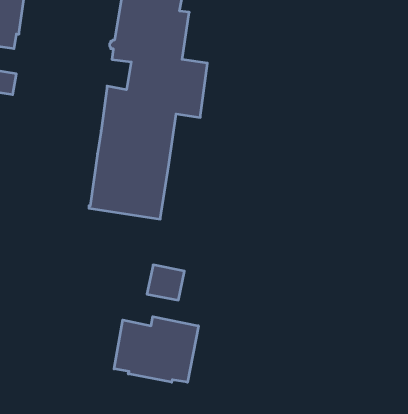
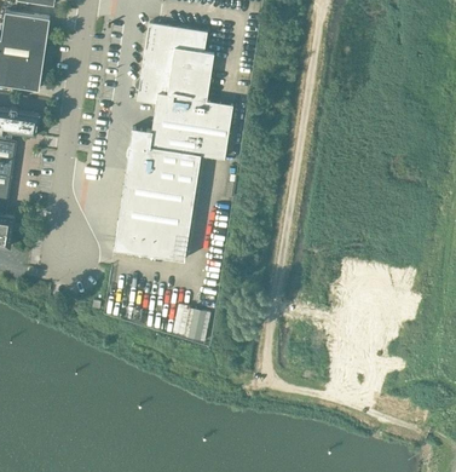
building: [114,317,198,382] -> none

